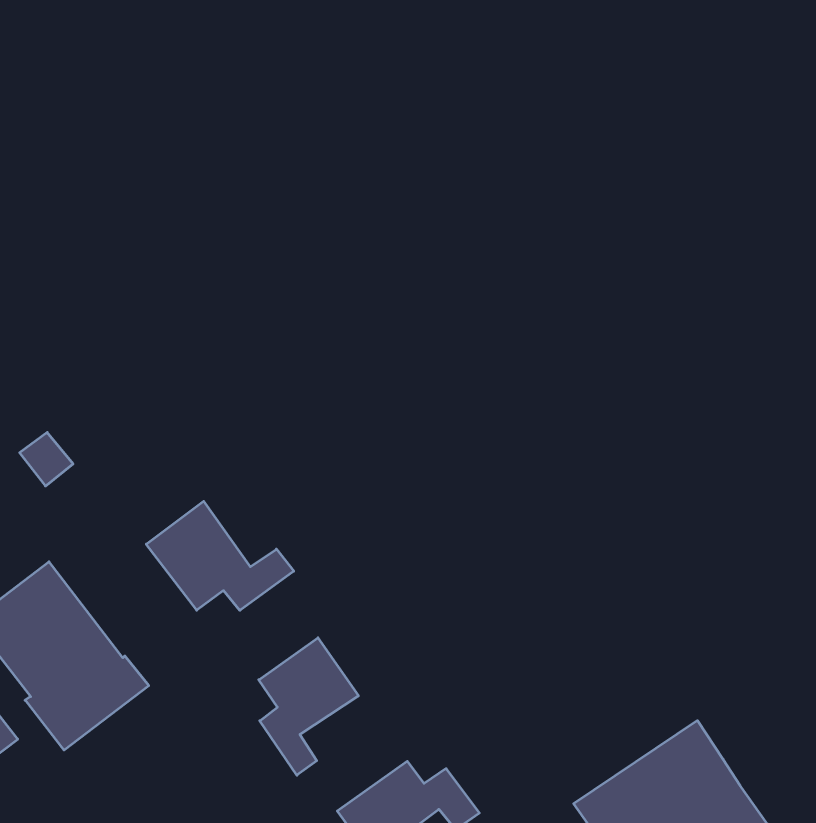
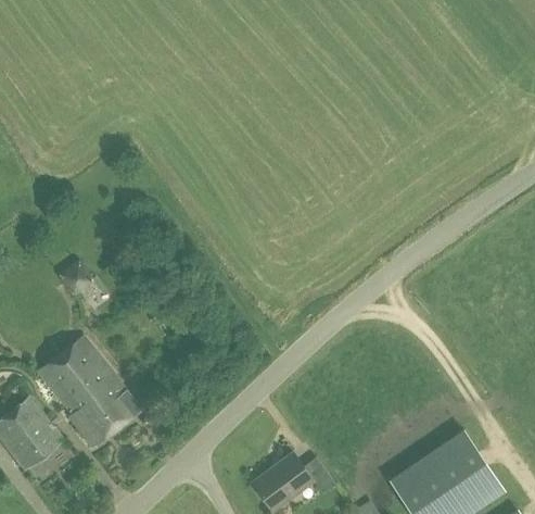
building: [146,501,294,610] -> none
building: [259,638,358,775] -> none

